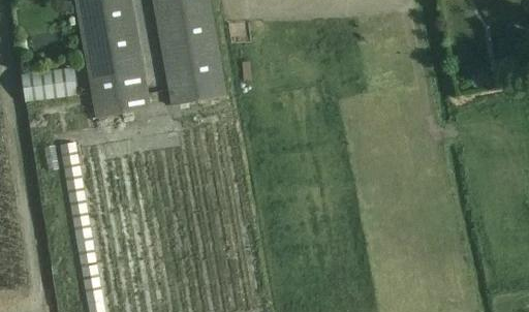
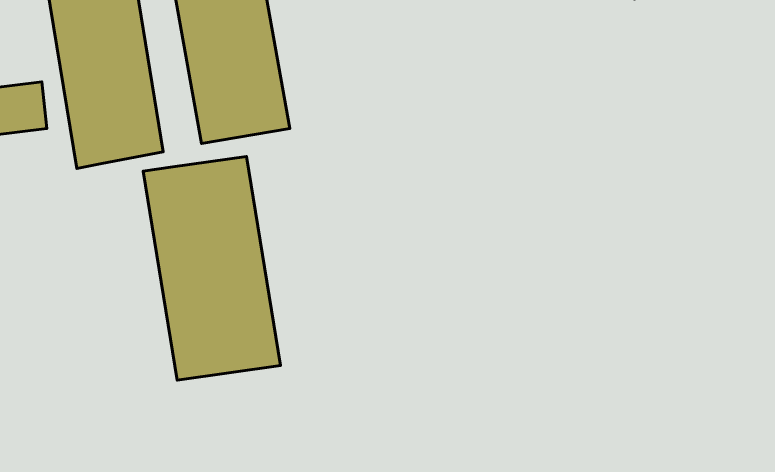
building: none -> [143,156,280,380]

